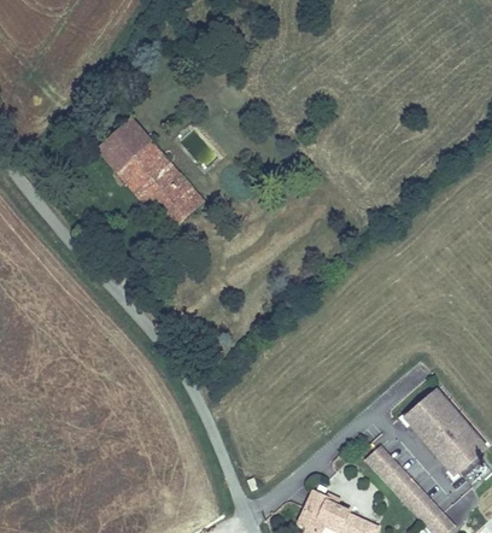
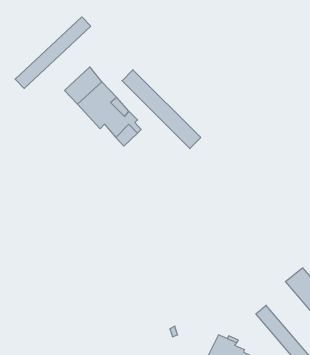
building: none -> [15,17,91,88]
building: none -> [122,70,201,149]

